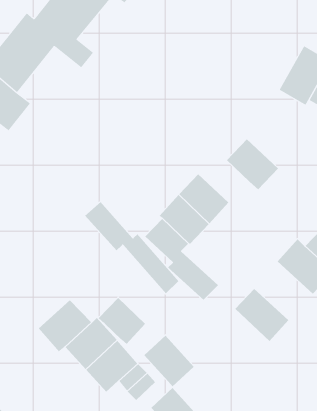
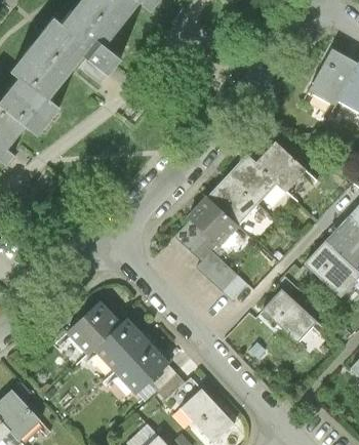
building: none -> [227,154,277,204]
building: [84,201,179,294] -> none
building: [98,297,146,345] -> none
building: [143,335,194,387] -> none

